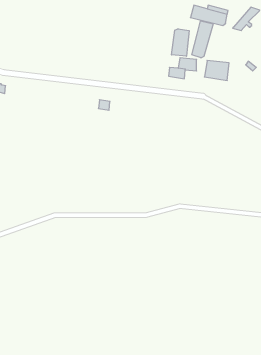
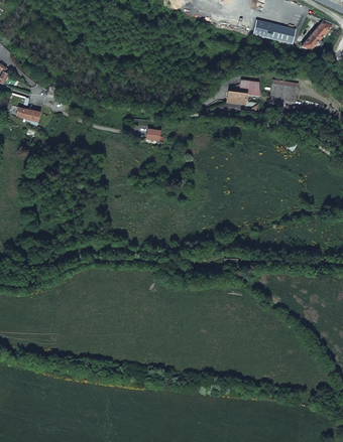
building: [192,21,213,58] -> none
building: [172,29,189,56] -> none

